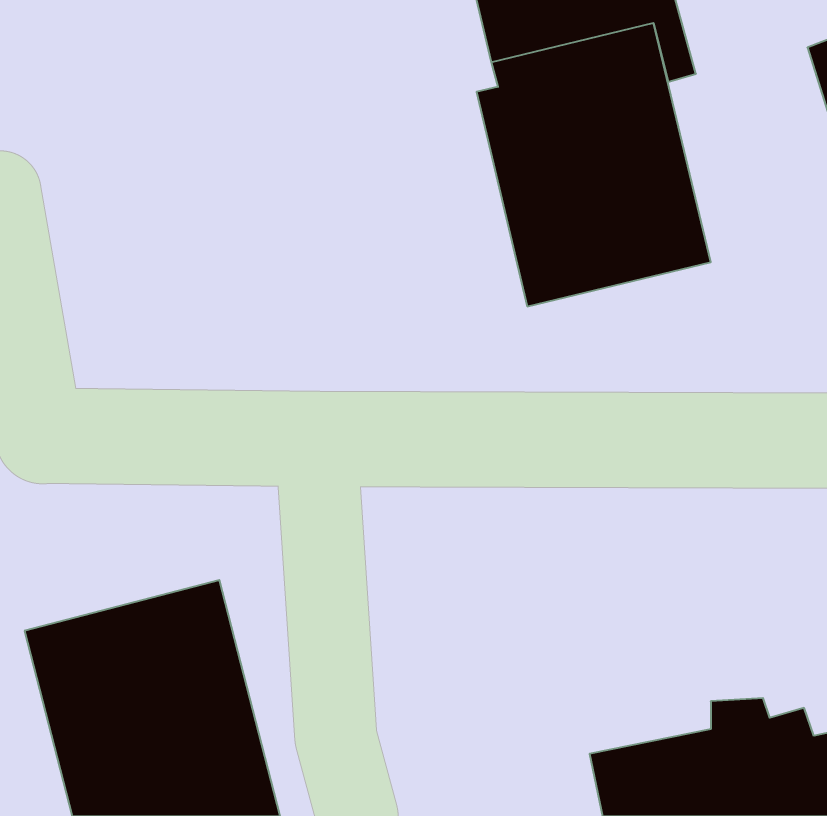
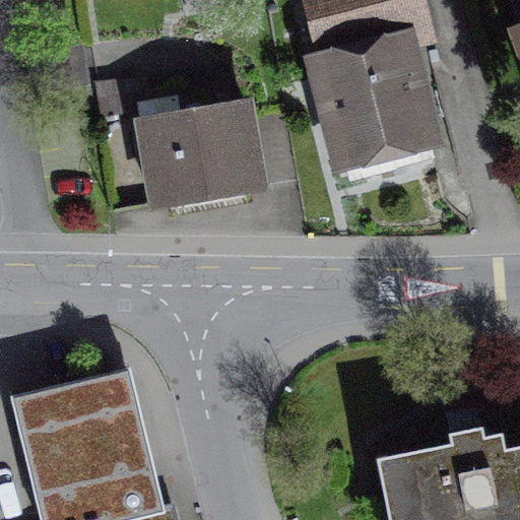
building: none -> [133,108,257,209]

